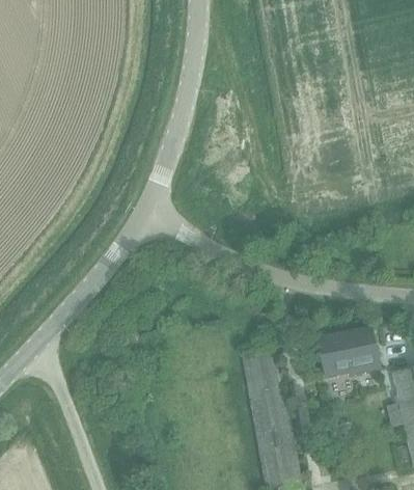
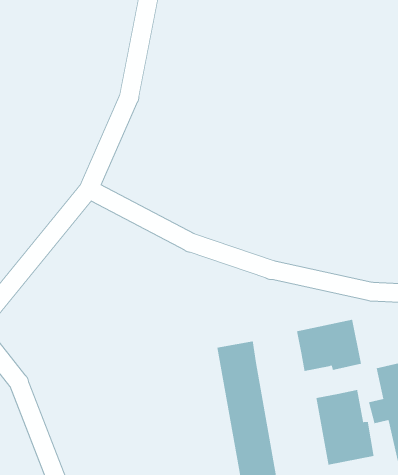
building: none -> [316,389,374,465]

